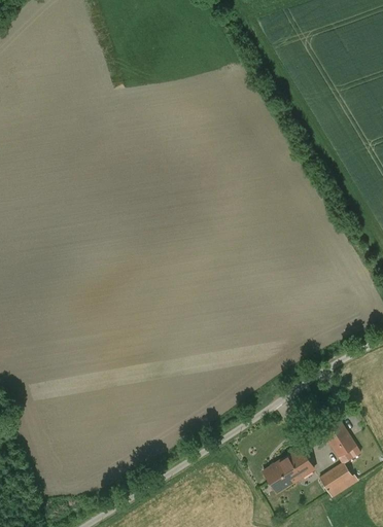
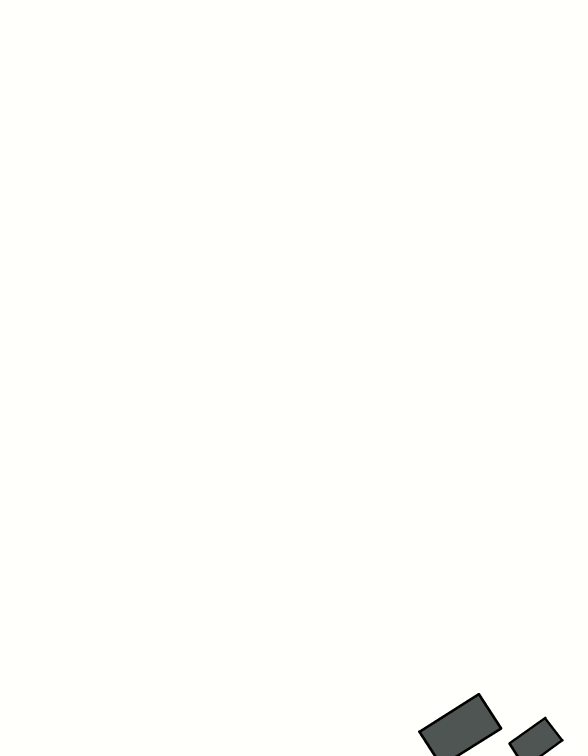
building: [325,423,358,460] -> none

